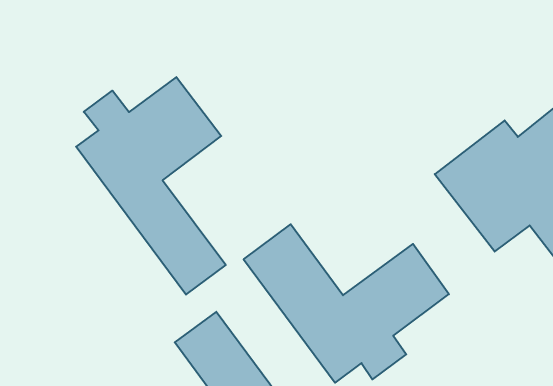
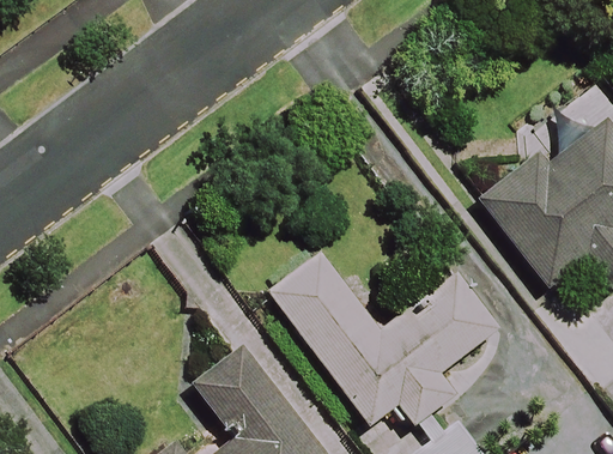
building: [76,77,226,295] -> none

